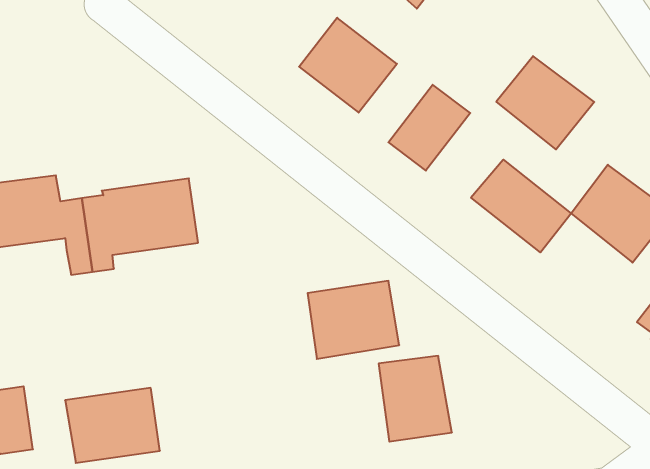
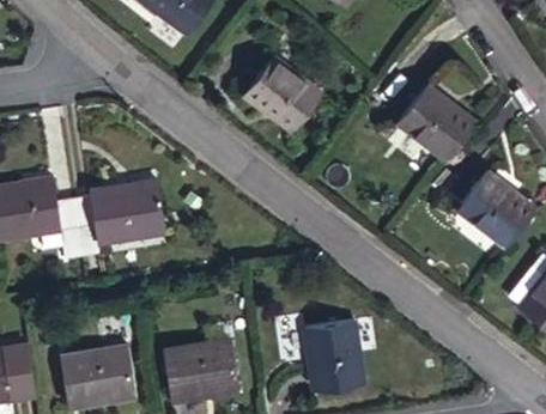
building: [388,85,470,171] -> none
building: [471,160,571,252] -> none
building: [308,281,399,359] -> [165,340,237,401]

